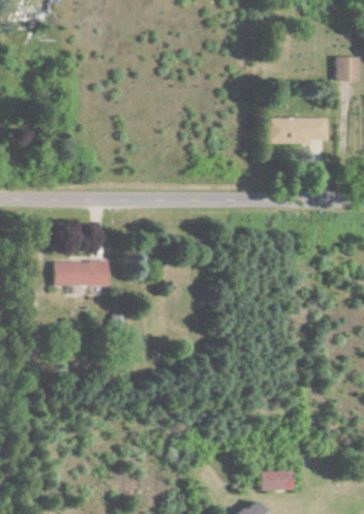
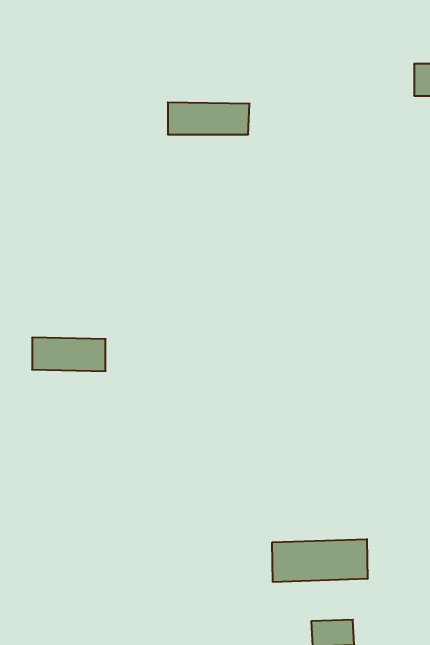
building: [269,118,330,142] -> [168,102,250,134]
building: none -> [272,539,368,582]

